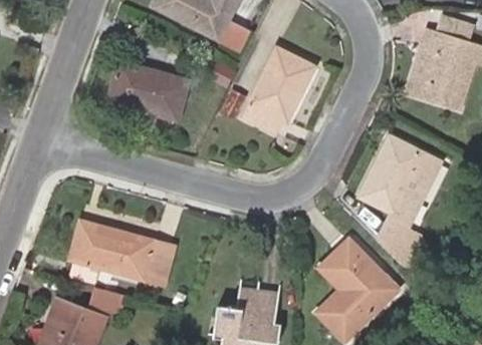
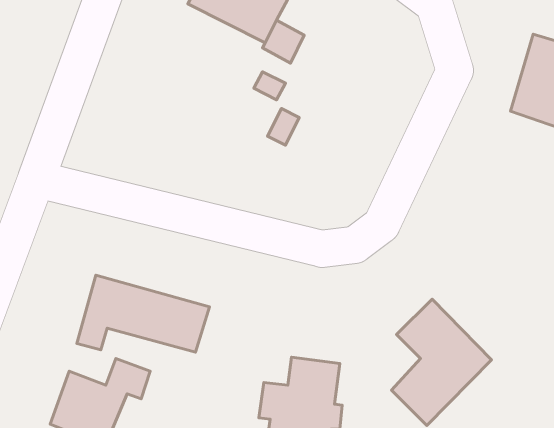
building: [246,49,315,130] -> none
building: [111,62,189,117] -> none
building: [362,136,439,263] -> none

